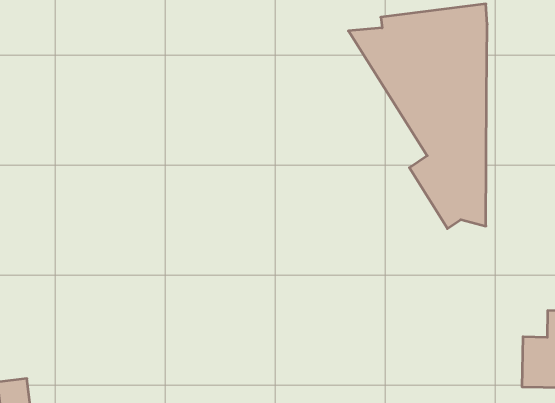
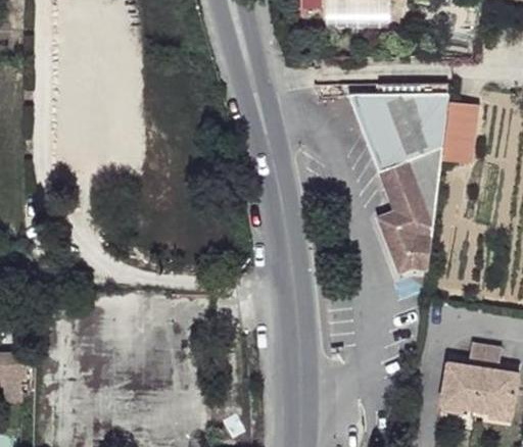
building: none -> [444,101,479,165]

